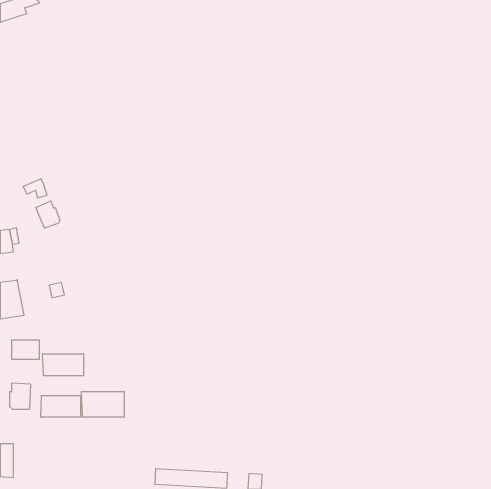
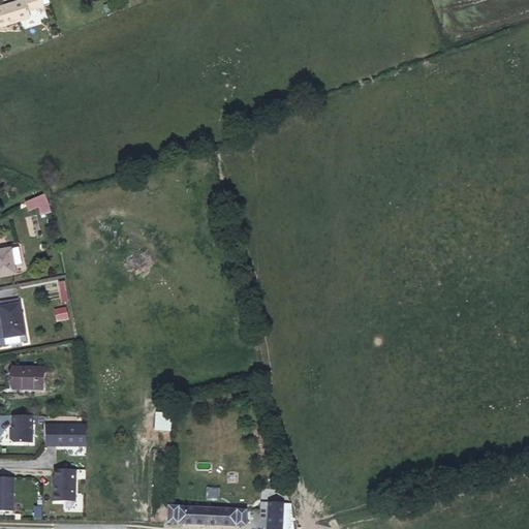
building: [36,201,60,228] -> none
building: [42,354,83,376] -> none
building: [81,391,124,417] -> none
building: none -> [53,470,76,502]

